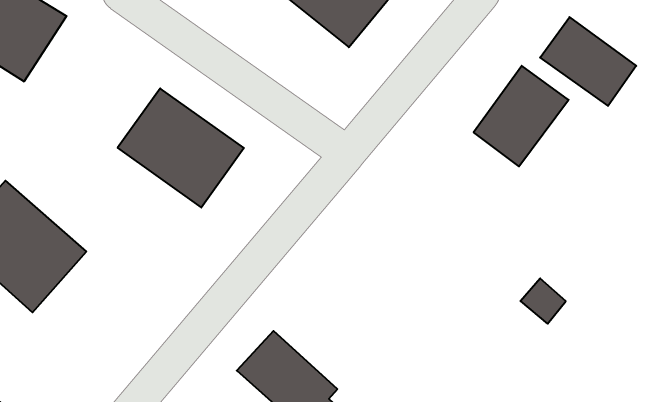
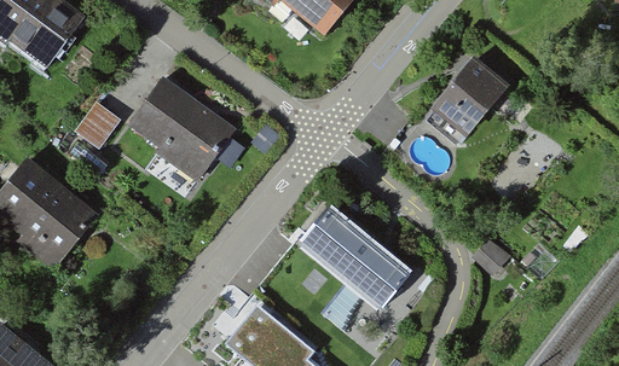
building: [540,17,636,106] -> none
building: none -> [73,97,116,144]
building: none -> [294,201,413,312]

